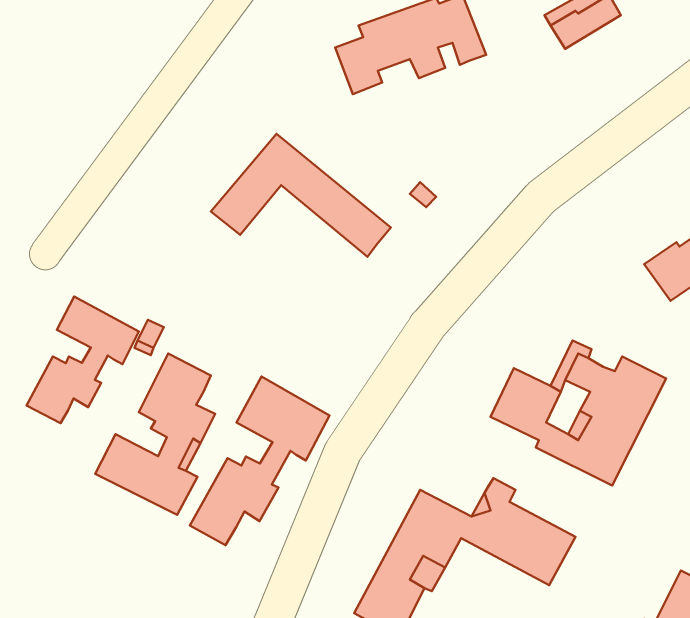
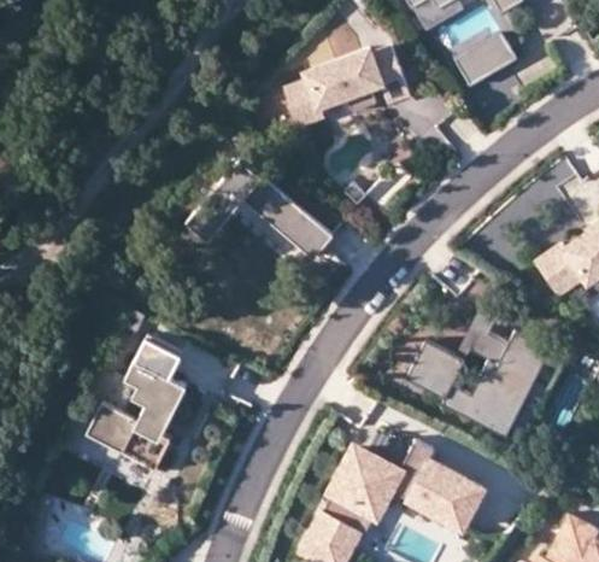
building: [27,297,139,423] -> none
building: [190,377,330,545] -> none

